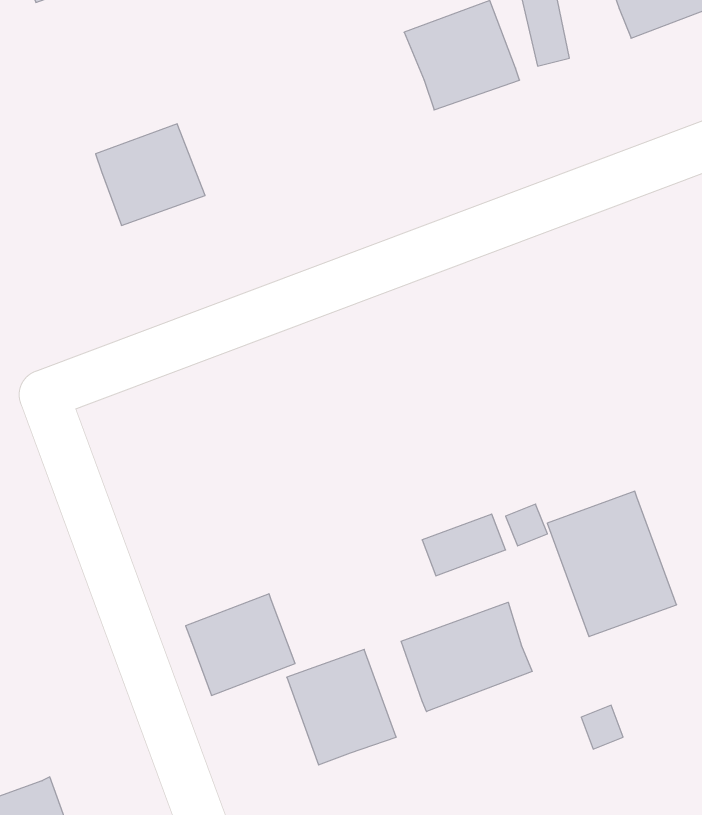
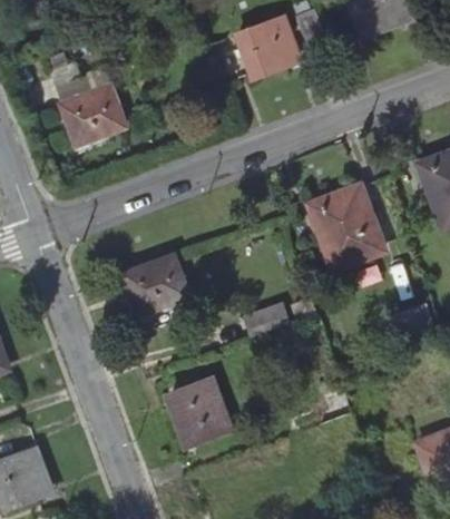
building: [547,491,677,637] -> [311,186,383,267]
building: [186,594,295,695] -> [126,255,187,312]
building: [401,602,532,712] -> none

